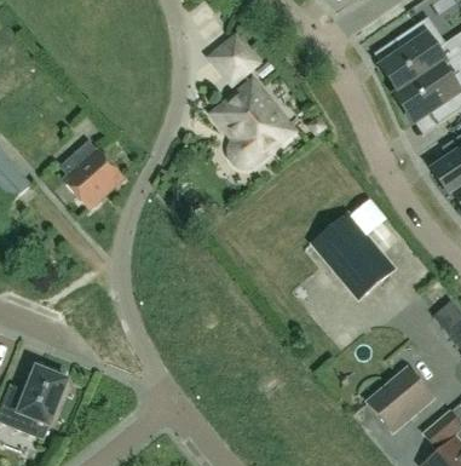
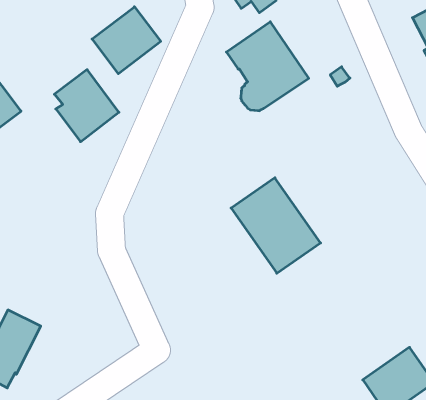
building: none -> [92,7,161,74]
building: [312,209,397,297] -> [231,178,321,273]

